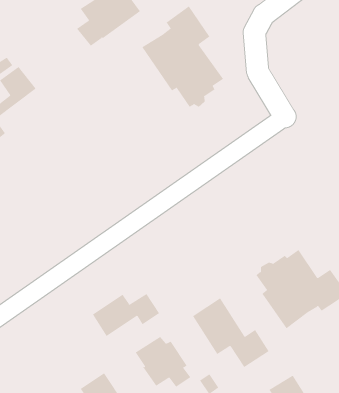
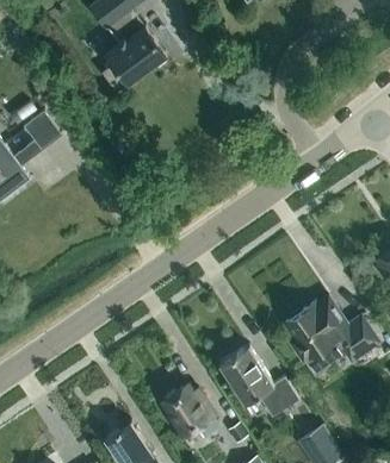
building: [141,6,224,107] -> none
building: [92,293,160,337] -> none

